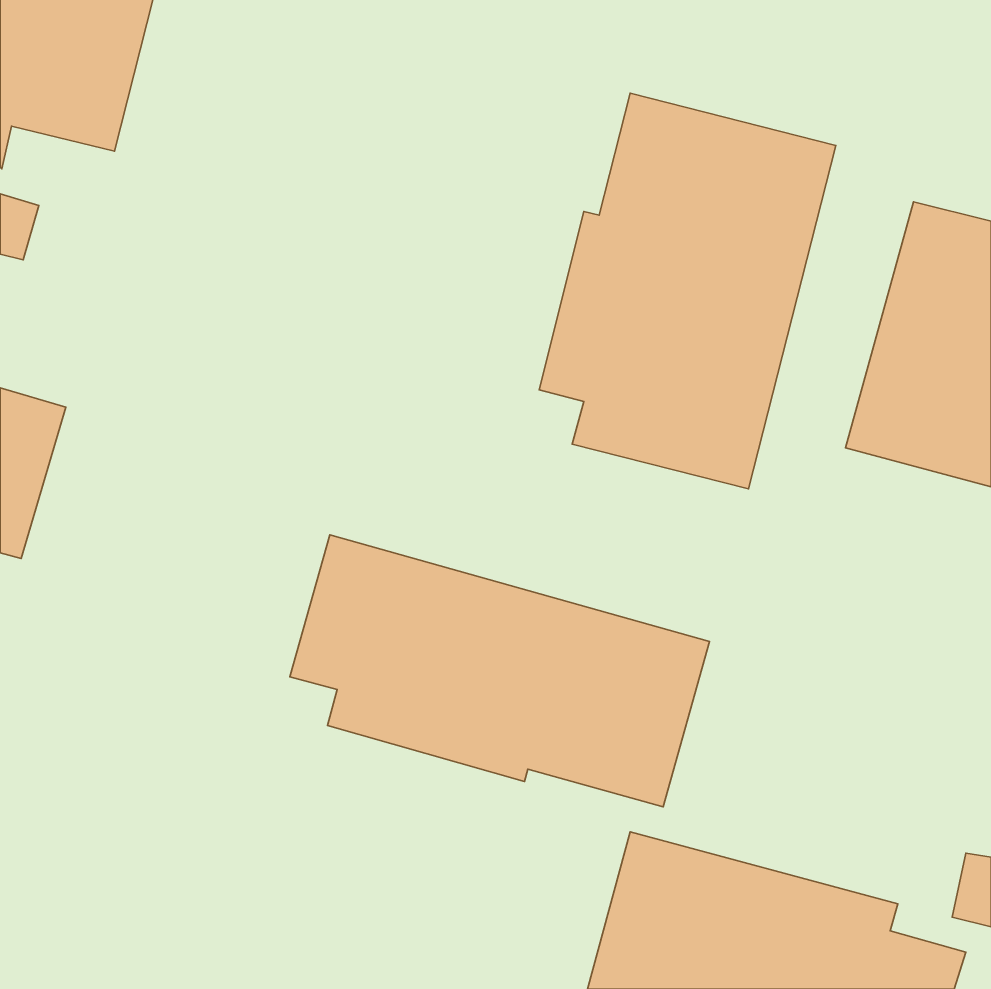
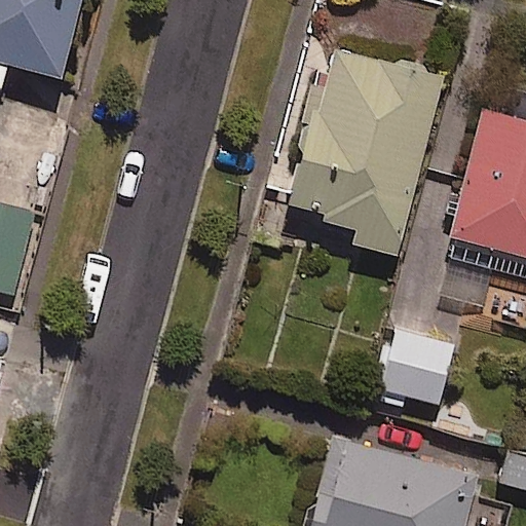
building: [290,535,709,807] -> none
building: none -> [379,330,454,405]

